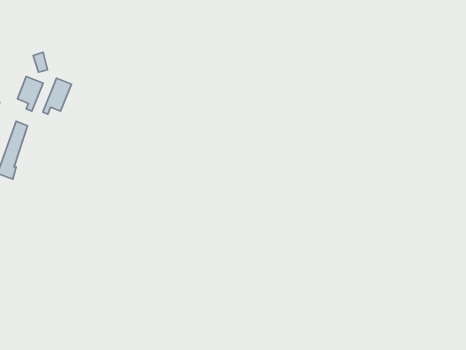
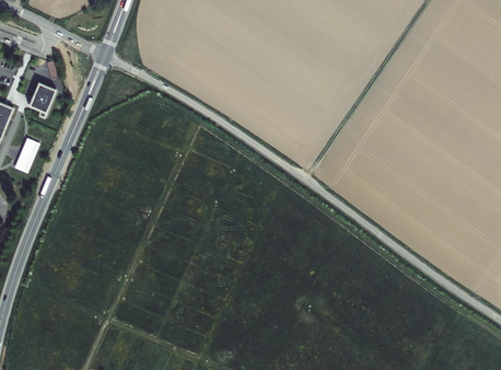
building: [43,78,71,114] -> none

